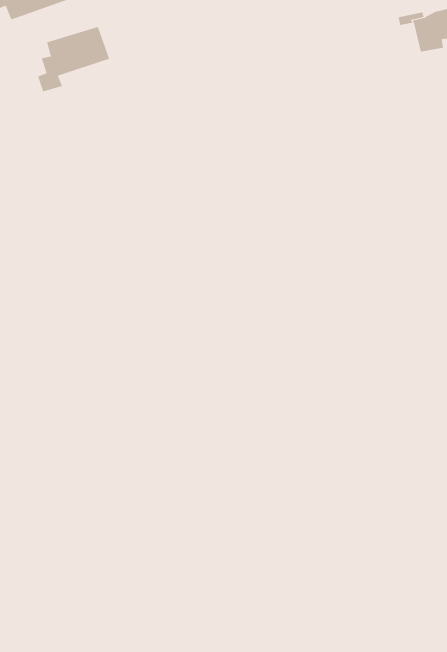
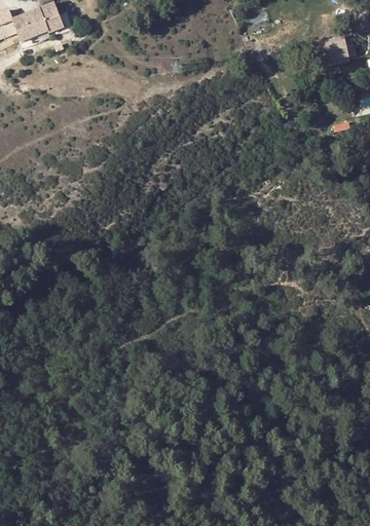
building: [37,26,110,92] -> none

